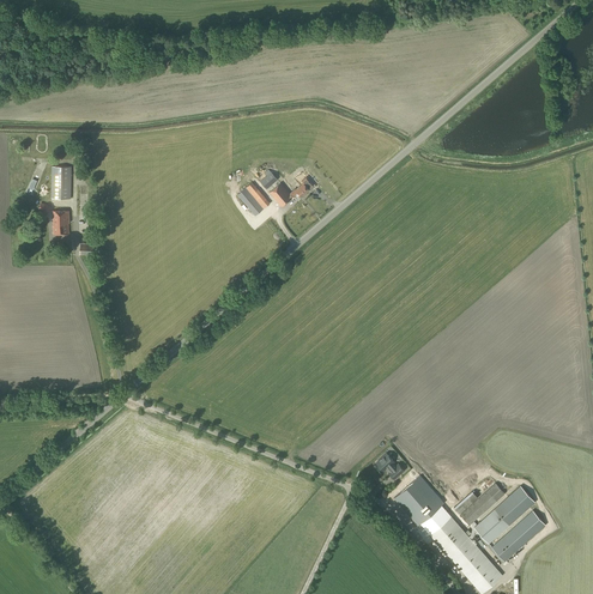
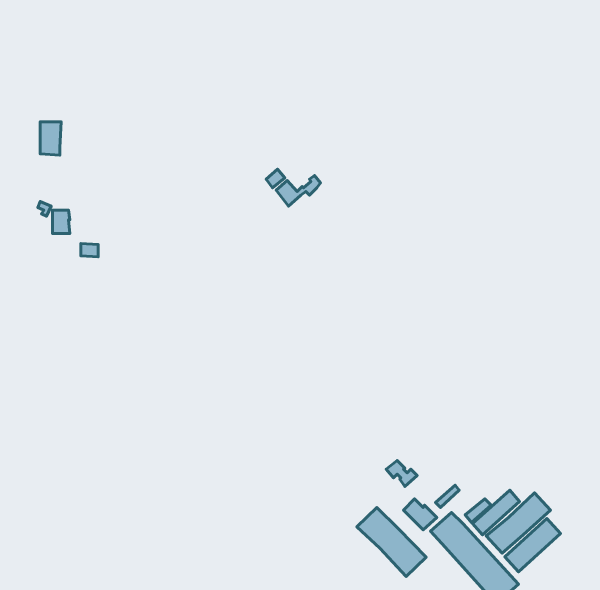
building: [52,166,72,199] -> [40,122,61,155]
building: [237,182,270,216] -> none
building: none -> [357,508,426,576]

